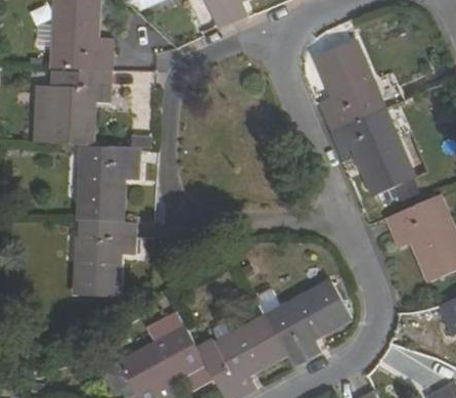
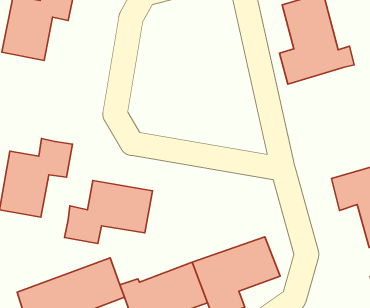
building: [331,108,414,206] -> none
building: [74,143,135,220] -> none
building: none -> [64,180,153,243]

